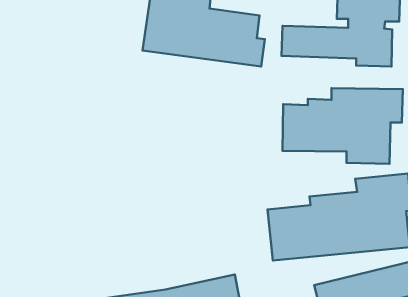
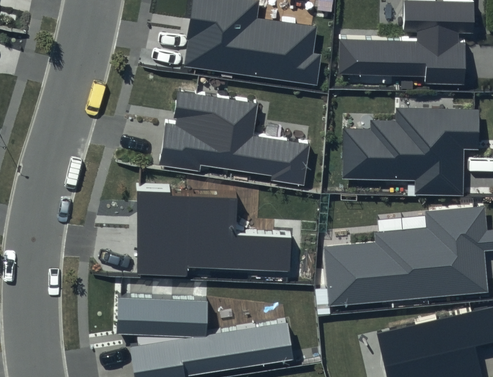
building: none -> [158,92,311,187]
building: none -> [137,193,290,273]
building: none -> [118,297,208,337]

